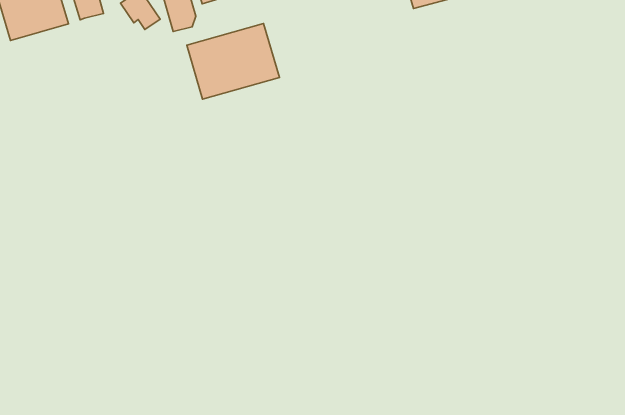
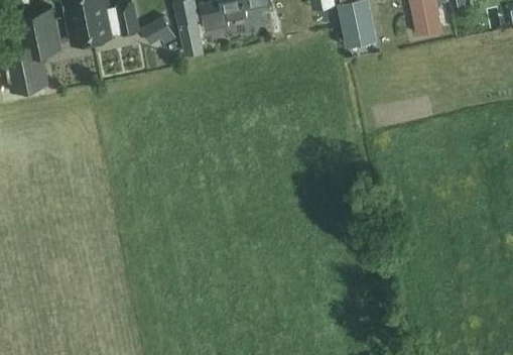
building: [187,23,279,99] -> none

